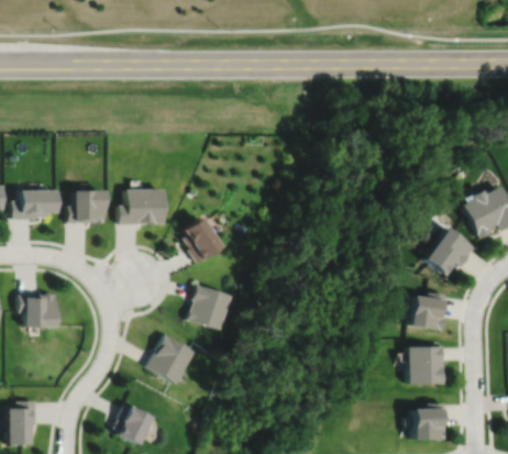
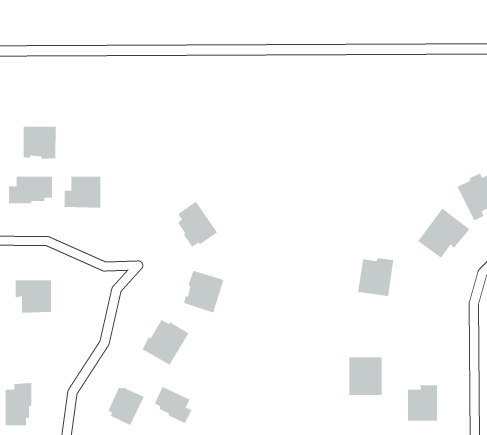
building: none -> [23,126,56,160]
building: [119,190,165,224] -> none
building: [409,290,446,330] -> [357,257,394,297]
building: [409,344,443,384] -> [349,356,382,396]
building: none -> [154,386,193,424]

